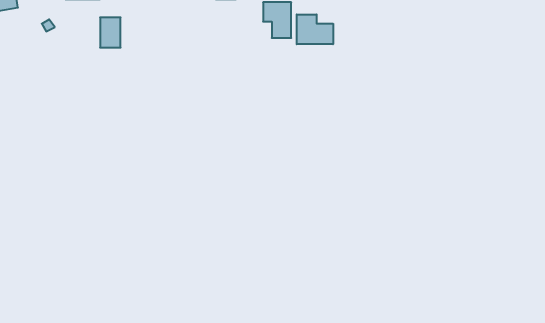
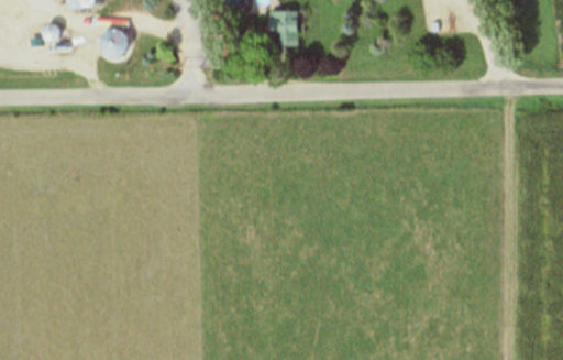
building: [297,14,333,44] -> none

